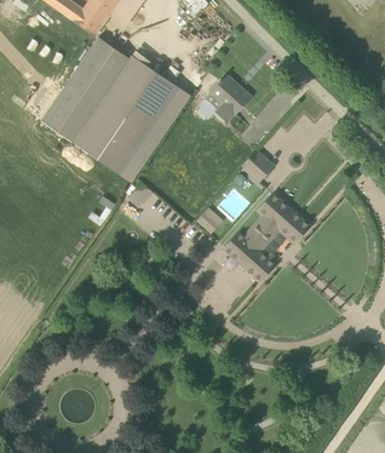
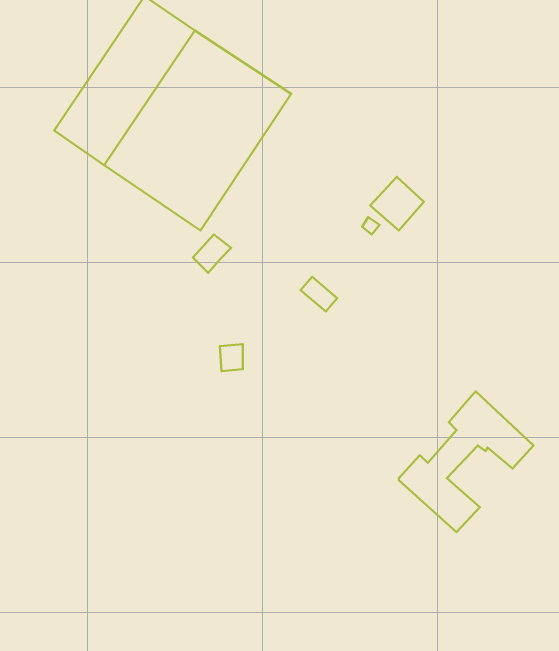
building: [211,75,252,121] -> none
building: [225,193,310,281] -> [399,392,534,532]

